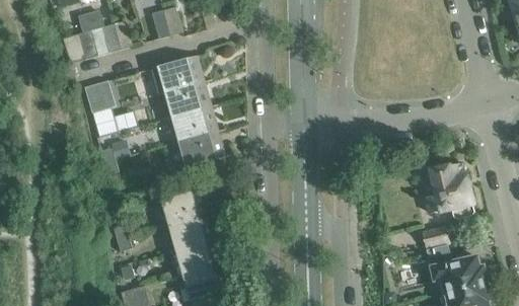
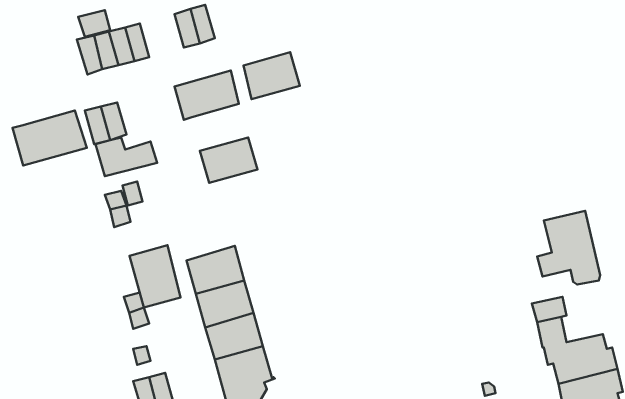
building: [165,81,208,117] -> [243,52,300,99]
building: none -> [12,111,87,166]
building: [178,131,222,166] -> none
building: none -> [129,245,181,307]

